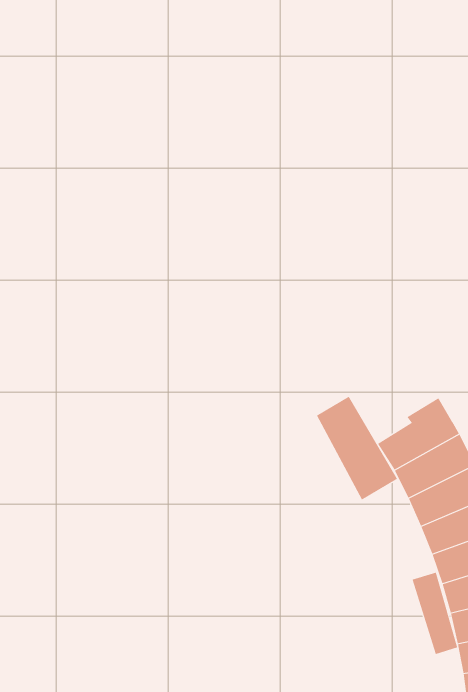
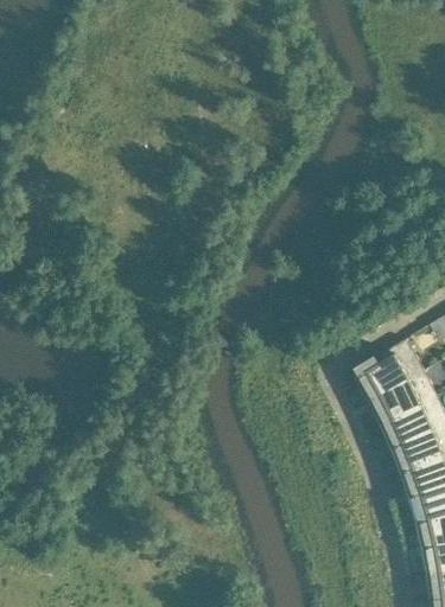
building: [316,396,398,500] -> none
building: [412,572,458,655] -> none

